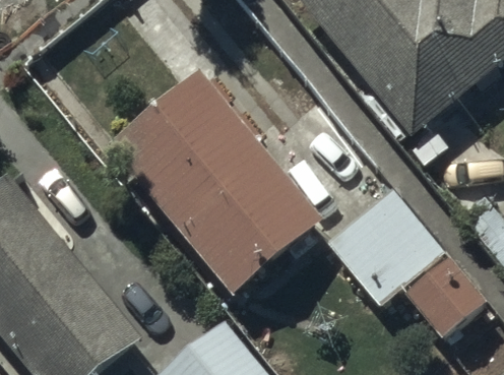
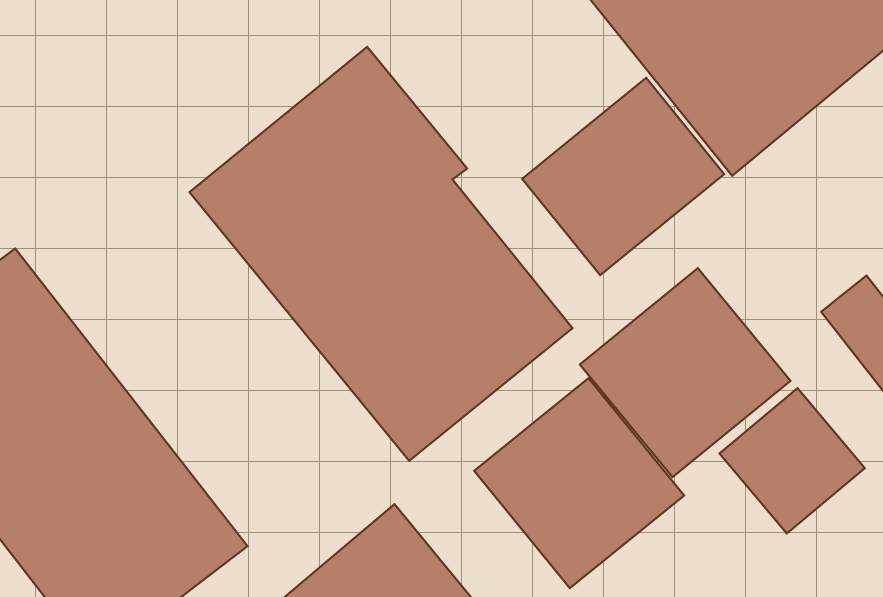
building: none -> [522,78,724,275]
building: none -> [474,378,684,588]

